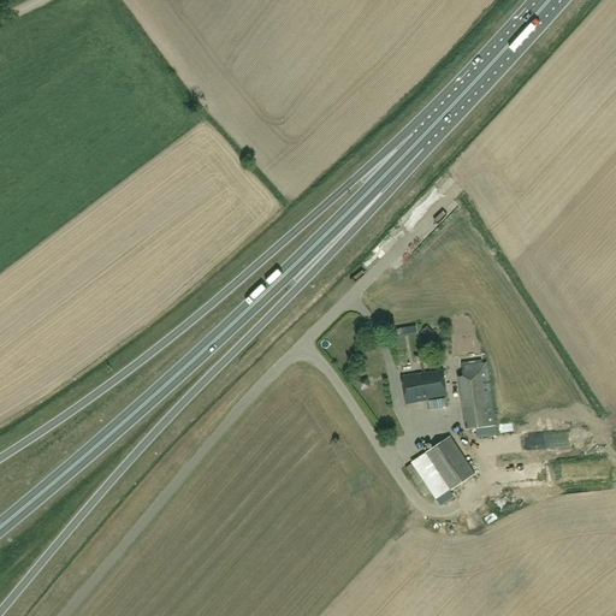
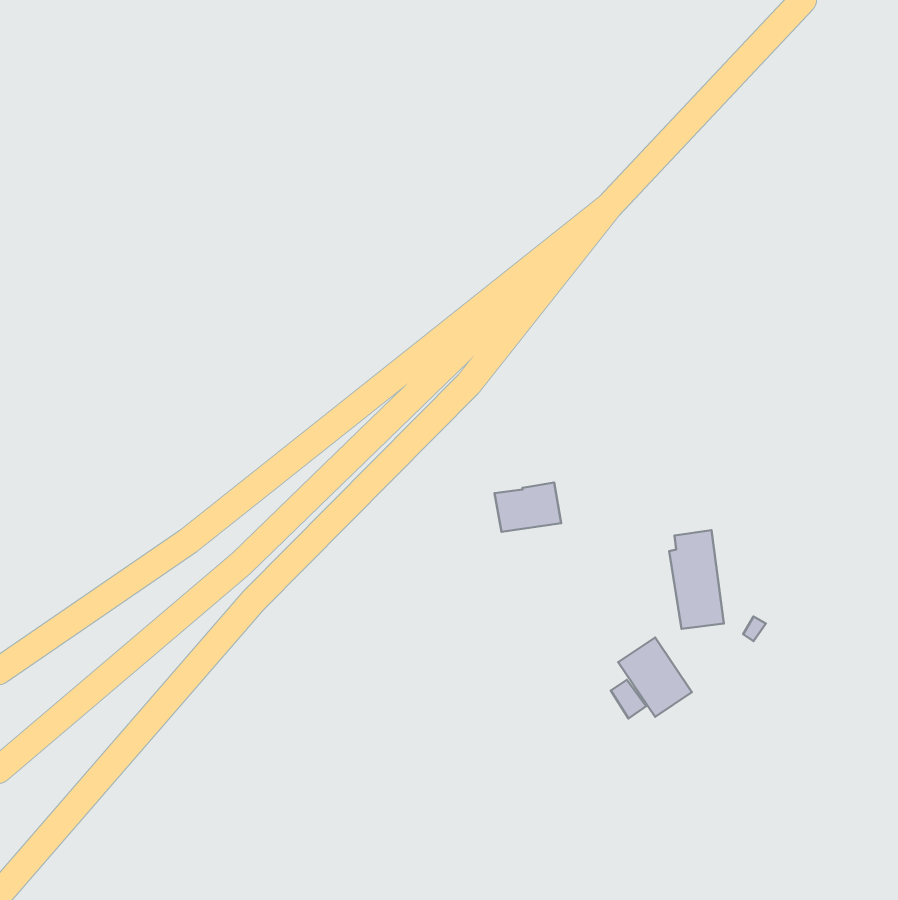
building: [401,369,446,403] -> [494,483,561,532]

